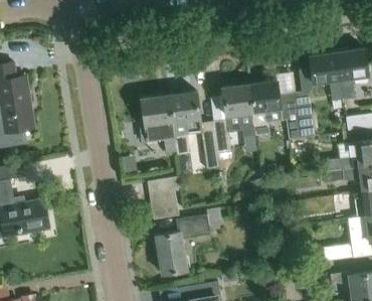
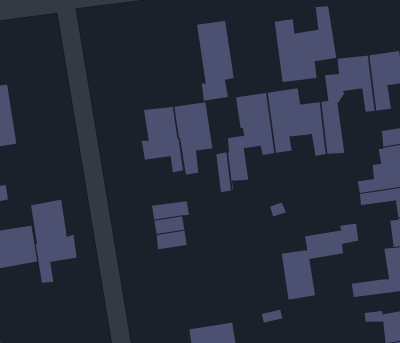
building: none -> [274,6,337,83]
building: none -> [197,20,234,102]
building: none -> [30,199,77,284]
building: [155,208,222,275] -> [281,223,359,300]

